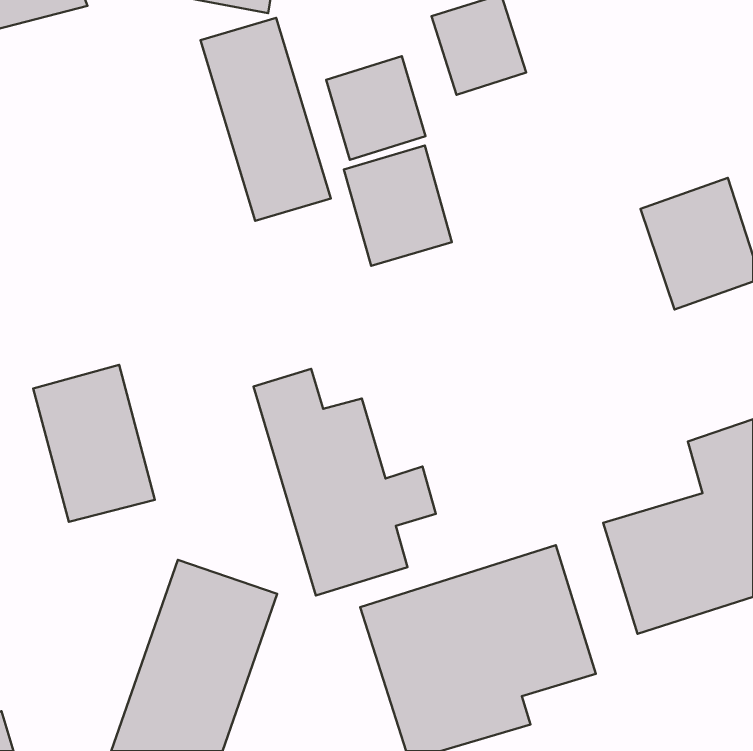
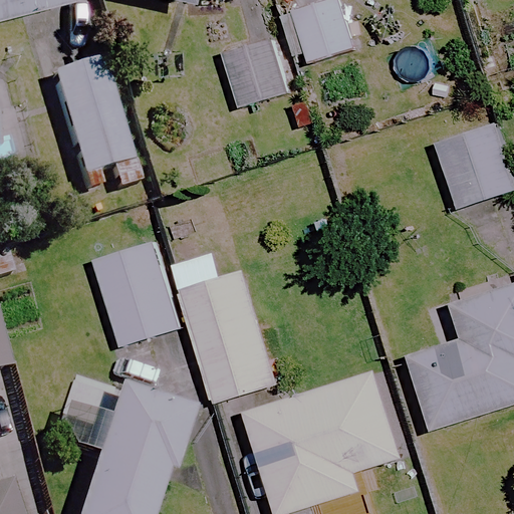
building: [200,18,331,221] -> [46,61,135,199]
building: [344,146,452,266] -> none
building: [33,365,155,522] -> [94,239,177,345]

